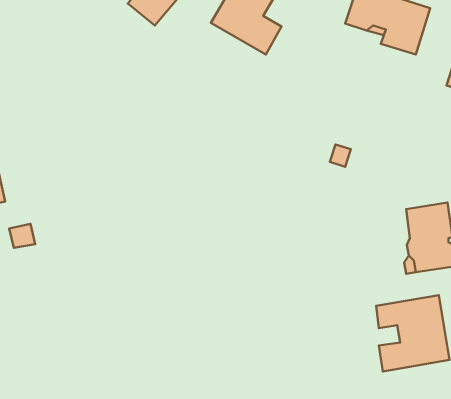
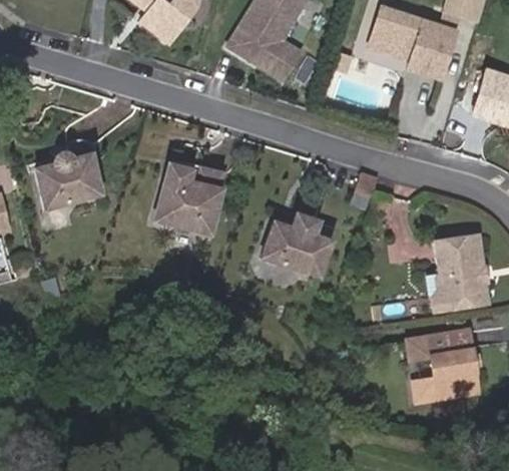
building: none -> [42,145,107,211]
building: none -> [156,158,225,229]
building: none -> [256,220,330,277]

